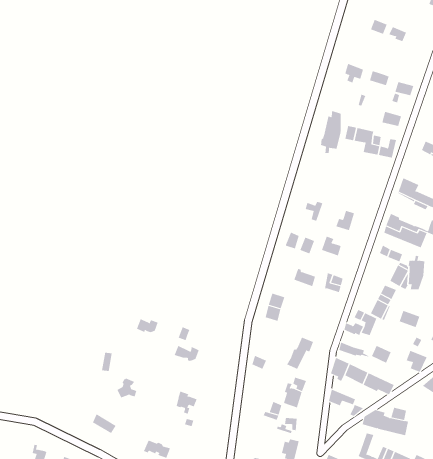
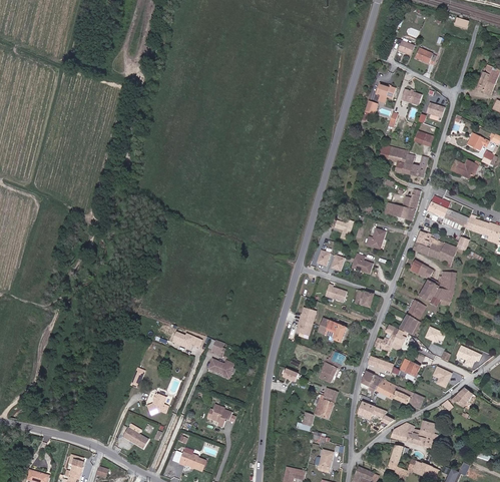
building: [320,110,341,154] -> none
building: none -> [383,187,419,218]
building: none -> [318,318,347,343]

